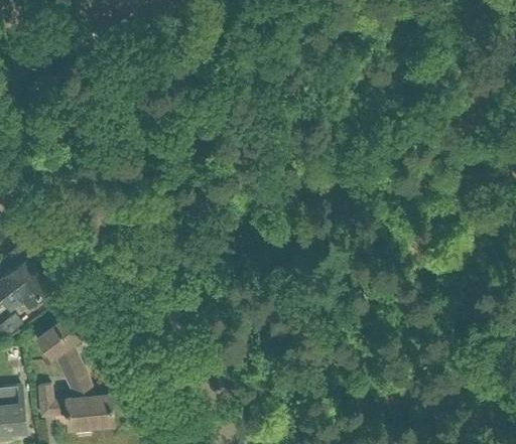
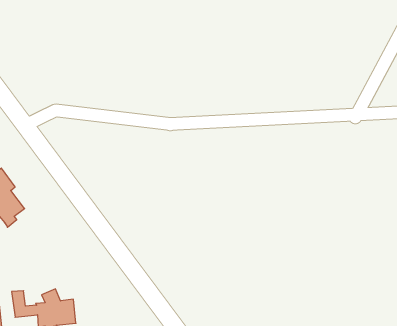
building: [37,308,95,392] -> none

